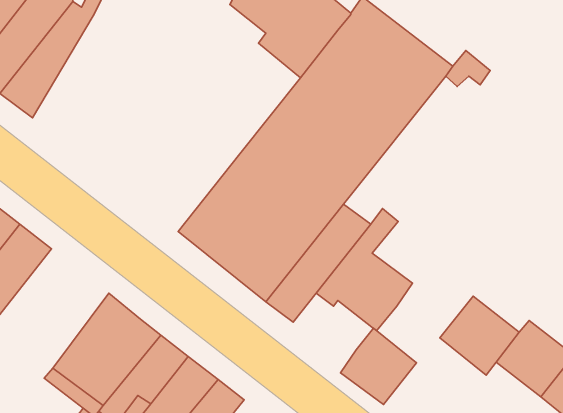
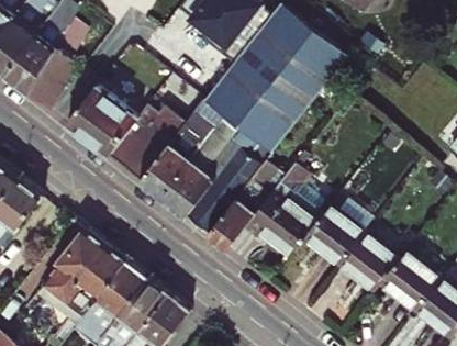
building: none -> [29,16,87,110]
building: none -> [66,81,187,181]
building: [340,328,417,404] -> [306,204,365,263]

